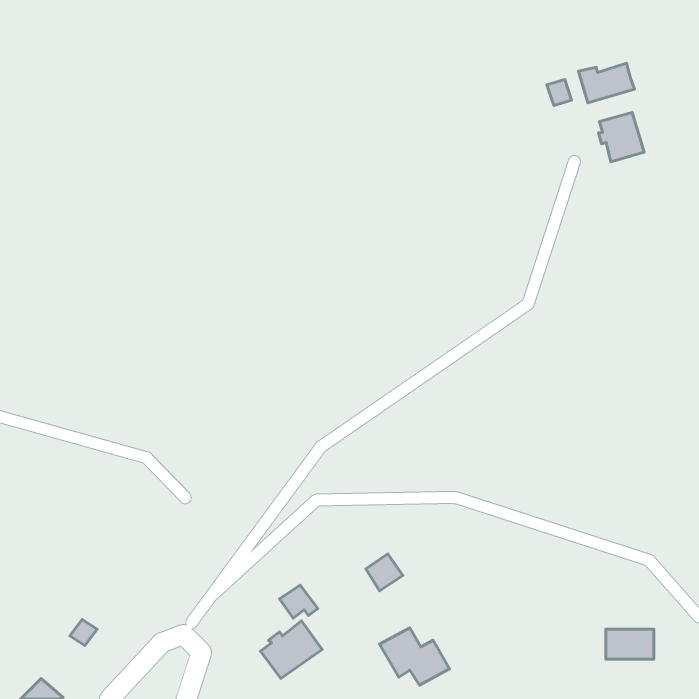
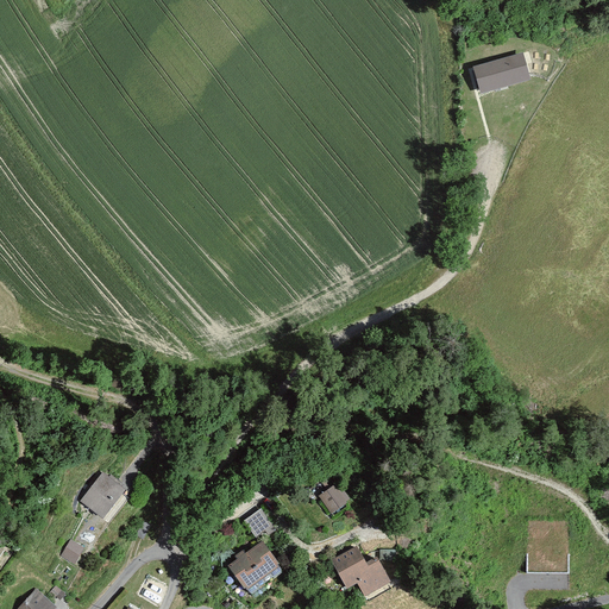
building: [599,113,644,162] -> none
building: none -> [79,473,126,522]

